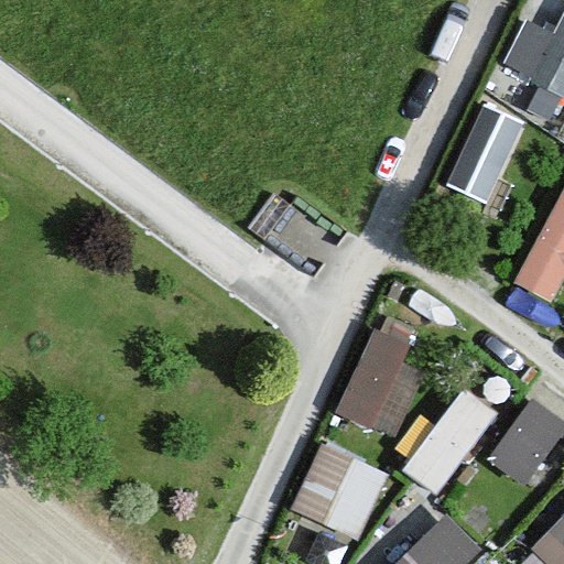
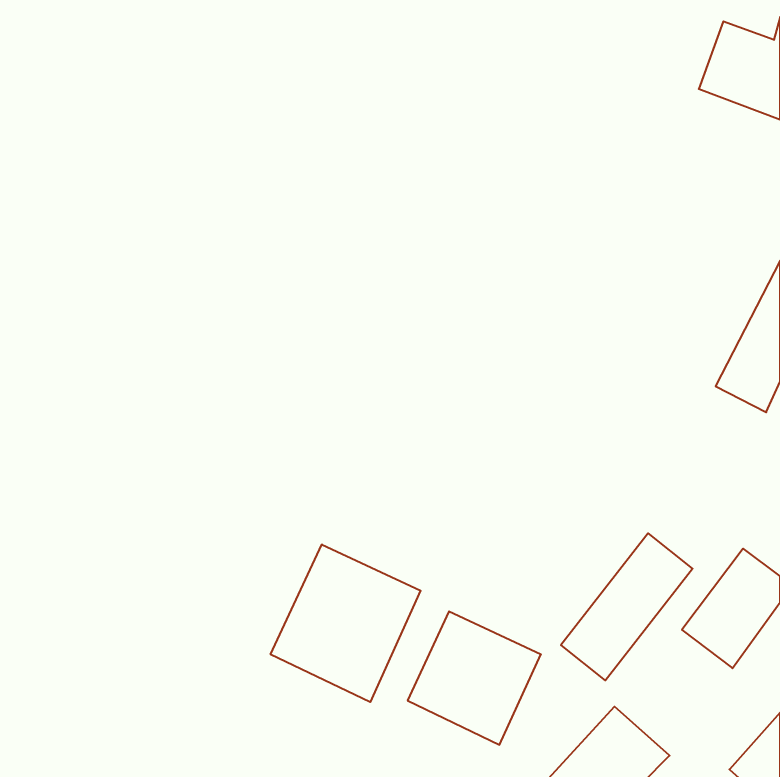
building: [444,105,529,207] -> none
building: [337,336,430,440] -> none
building: none -> [271,544,421,702]

